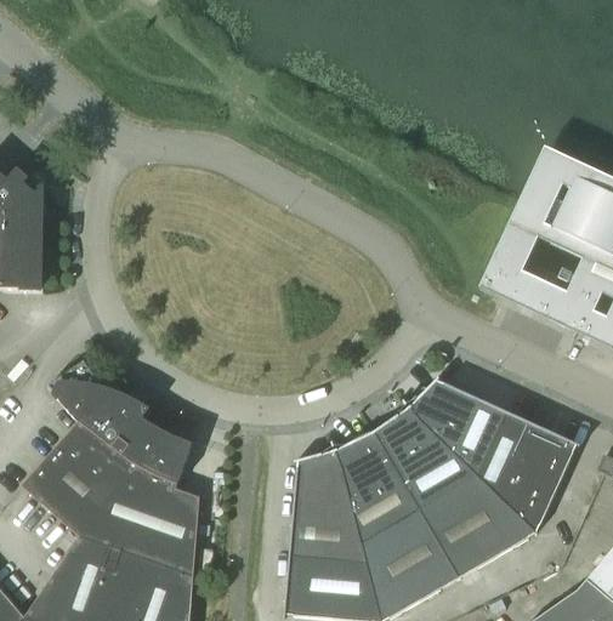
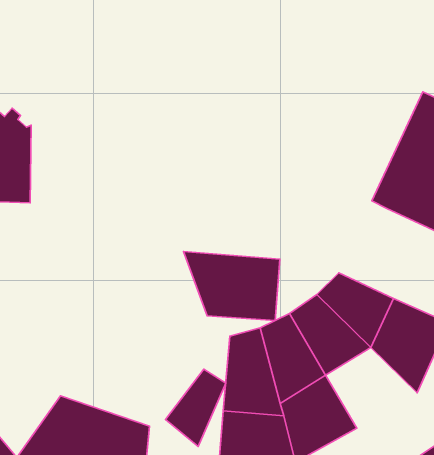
building: none -> [184,251,280,320]
building: [23,361,200,576] -> none
building: [420,475,538,579] -> none
building: none -> [165,369,226,446]

